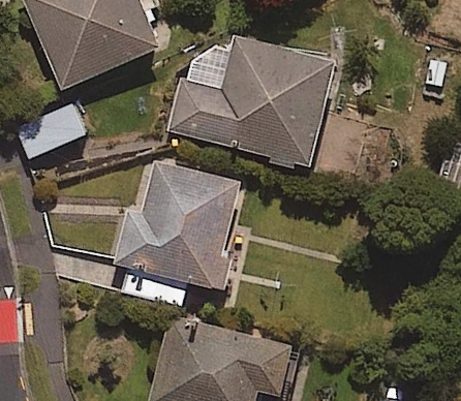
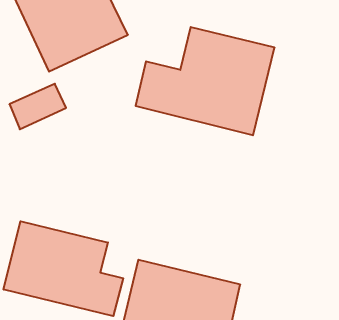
building: [114,160,240,288] -> none
building: none -> [4,221,123,316]

